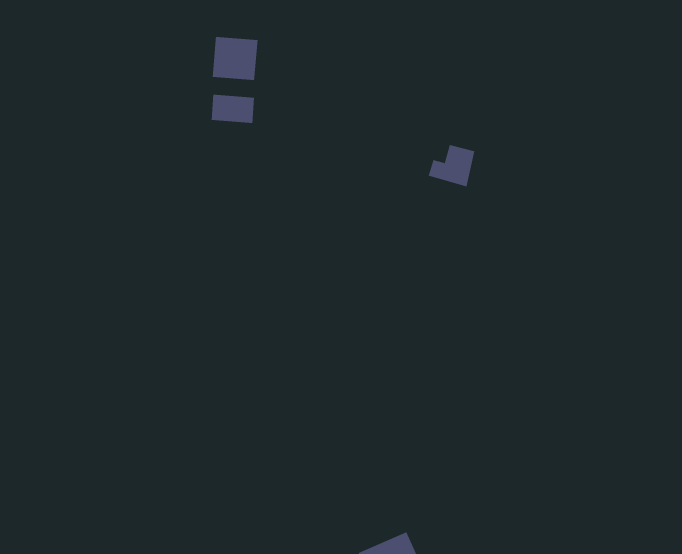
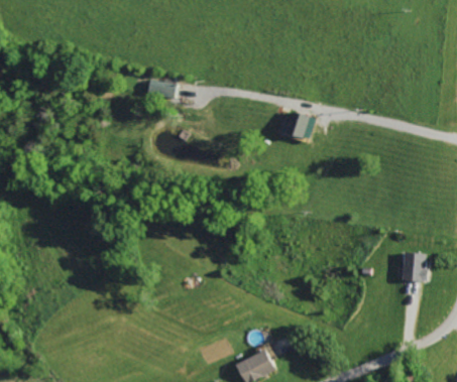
building: [212,36,258,81] -> none
building: none -> [403,252,426,280]

